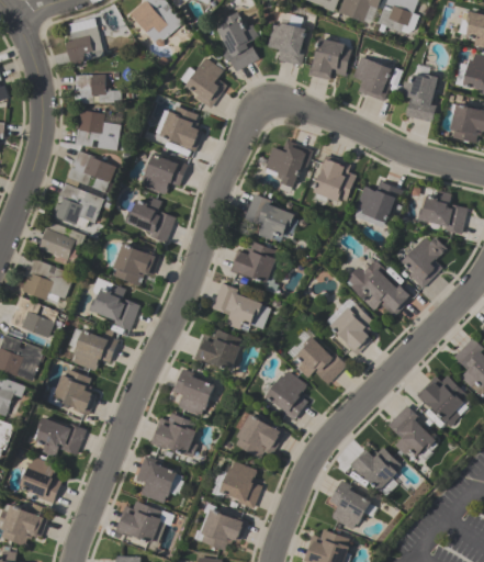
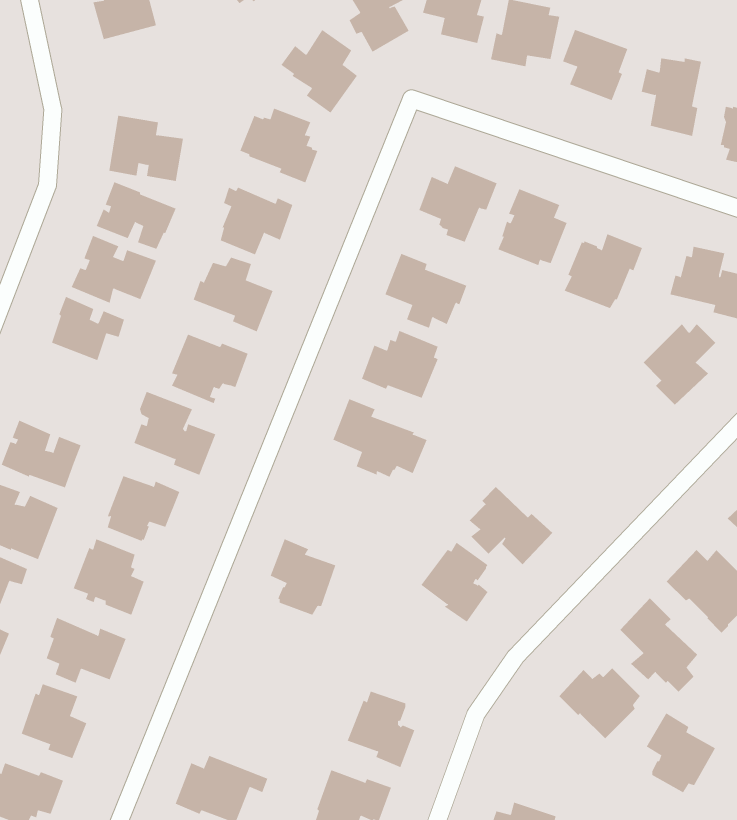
building: [75,75,122,103] -> none
building: [22,259,75,301] -> none
building: [346,260,413,317] -> none
building: [330,304,374,356] -> none
building: [193,328,240,371] -> none
building: [149,414,196,458] -> none
building: [236,415,285,460] -> none
building: [136,456,178,504] -> none
building: [329,481,372,530] -> [646,712,716,793]

